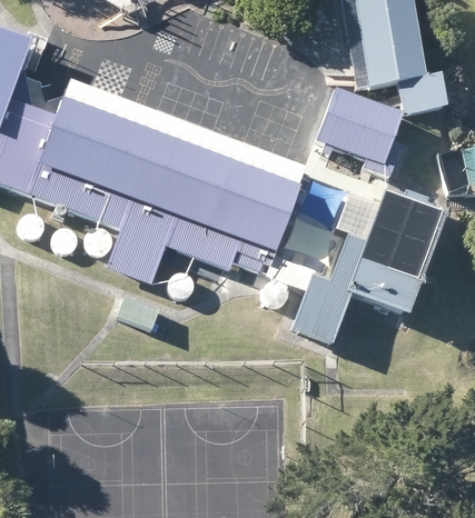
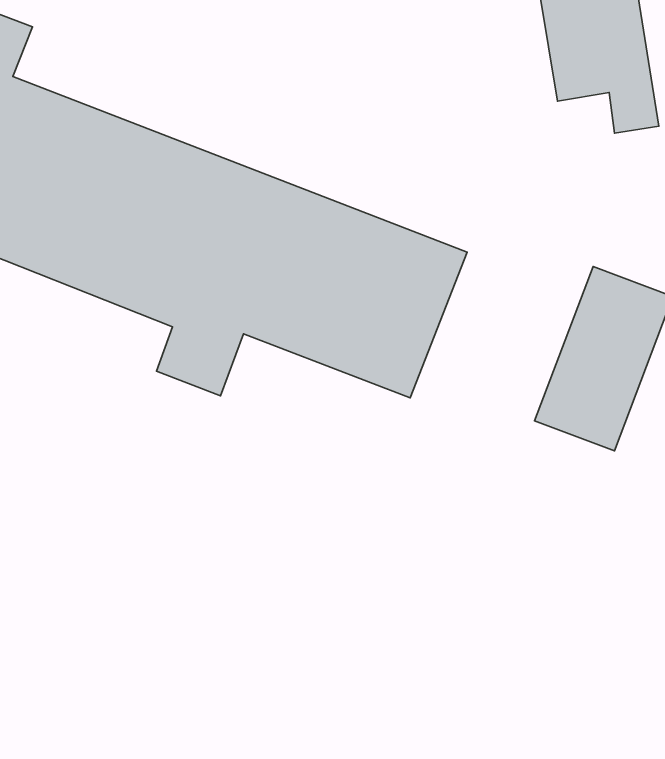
building: [317,92,407,171] -> none
building: [285,272,345,341] -> none

